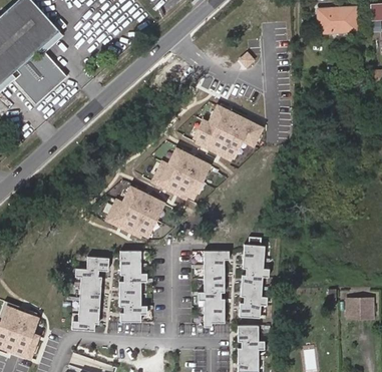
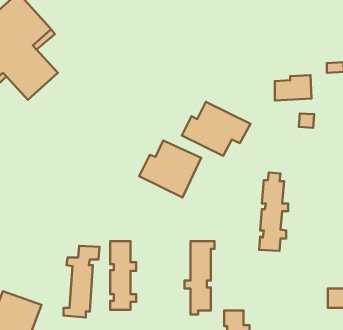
building: [318,8,356,34] -> [275,75,311,100]
building: [105,184,169,244] -> none
building: [240,234,270,315] -> [259,173,288,251]

